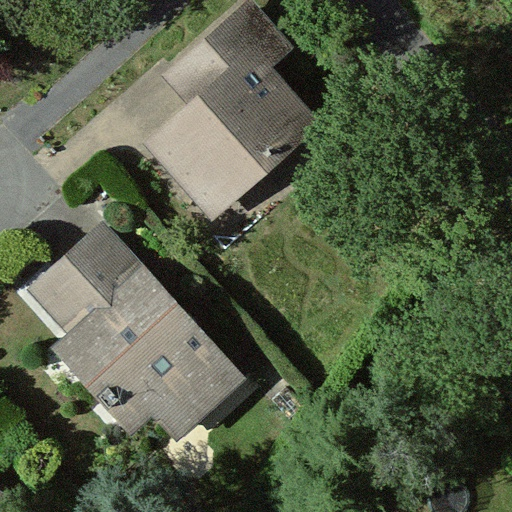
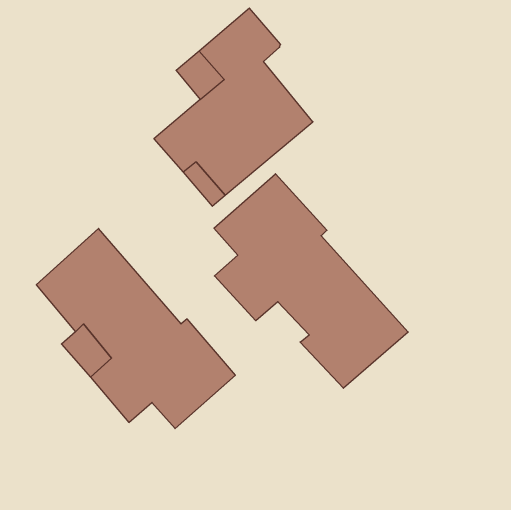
building: none -> [214,174,408,388]

